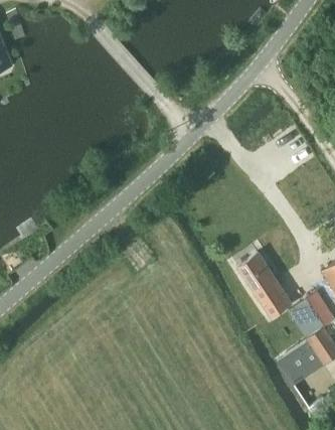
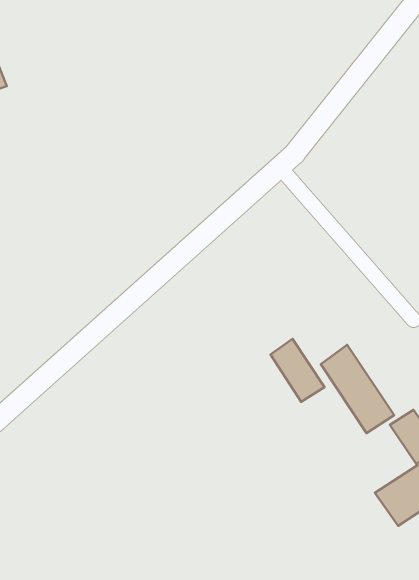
building: none -> [270,339,325,402]

